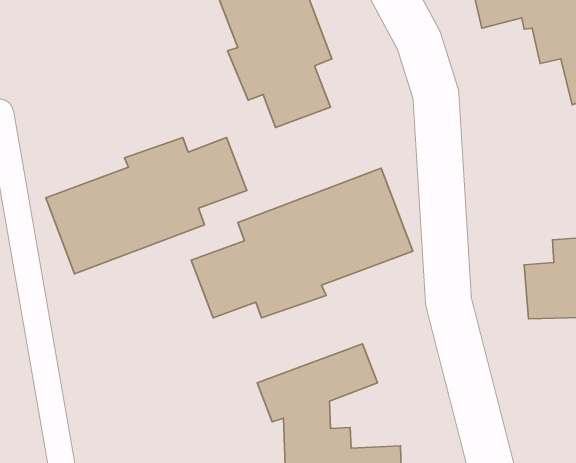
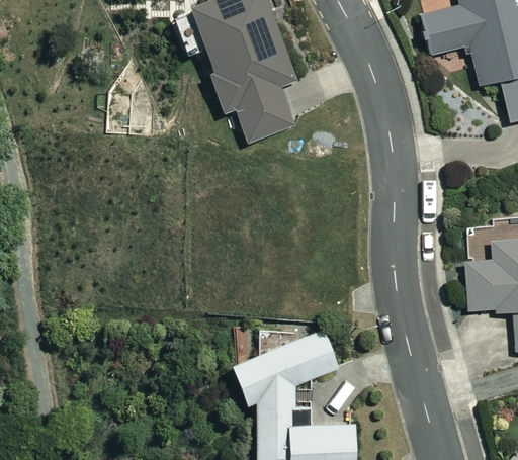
building: [46,138,247,274] -> none
building: [191,168,413,318] -> none

